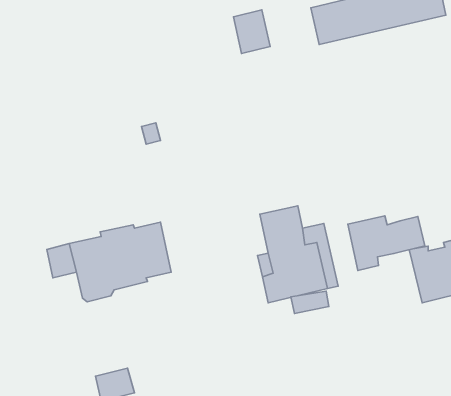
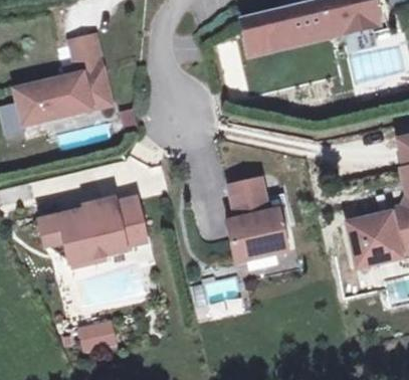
building: [233,10,270,54] -> [240,14,271,51]
building: none -> [16,35,110,122]
building: [348,216,425,270] -> none

